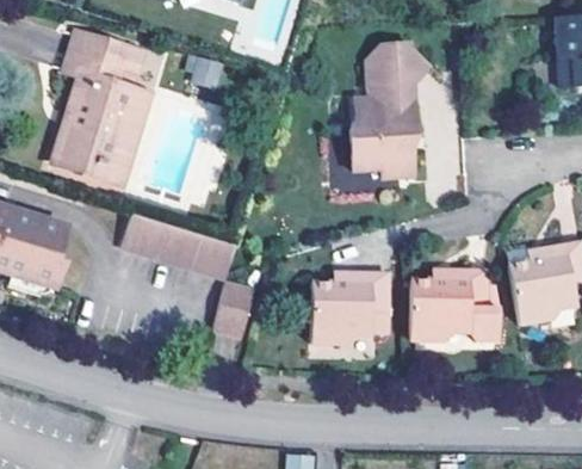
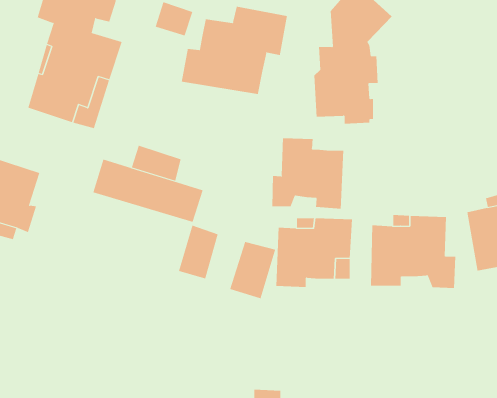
building: none -> [181,6,288,95]
building: none -> [272,138,344,209]
building: none -> [131,145,181,181]
building: none -> [230,241,276,299]

